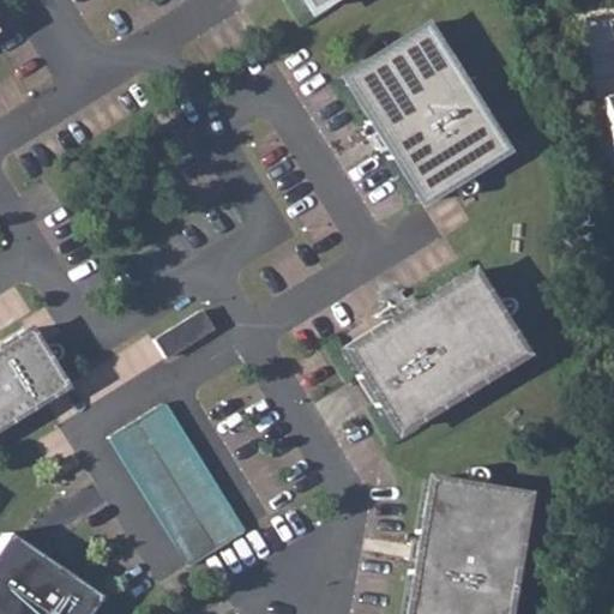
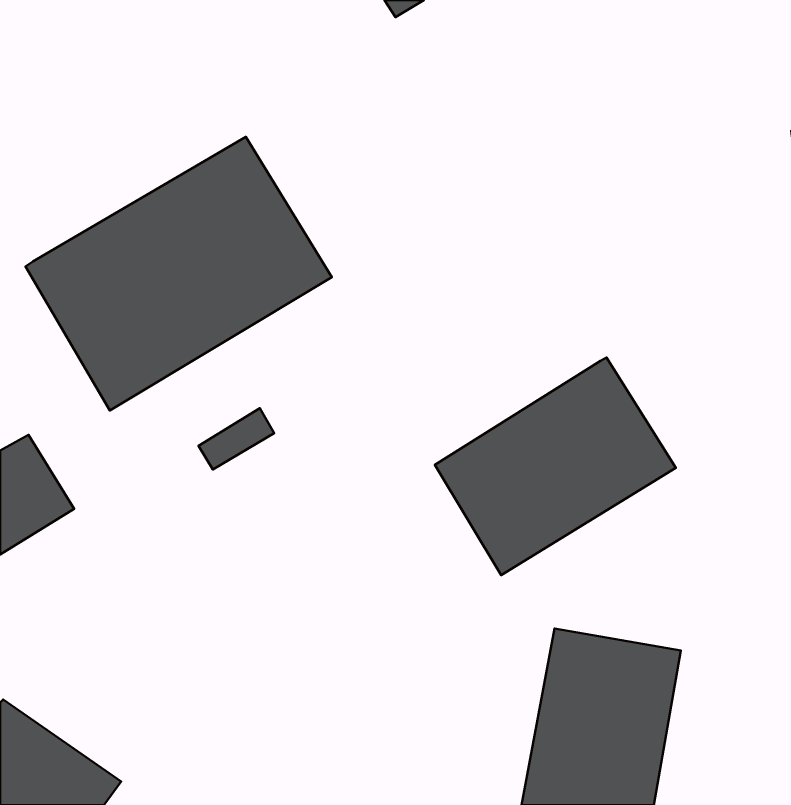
building: [345,26,508,204] -> none
building: none -> [26,137,332,410]
building: [116,404,251,567] -> none

